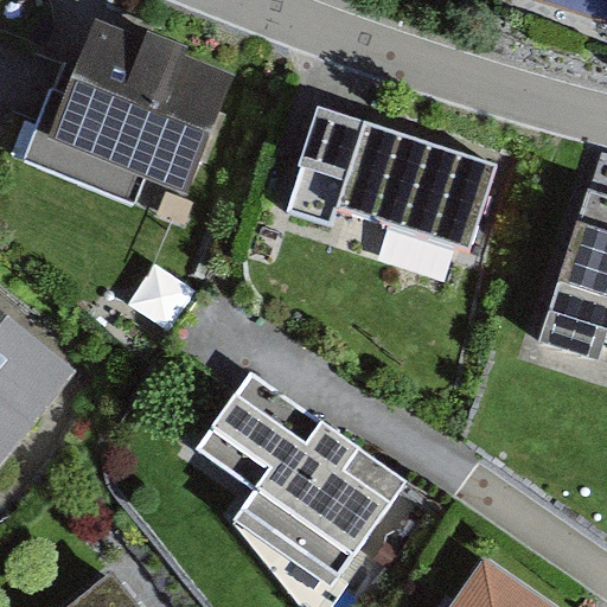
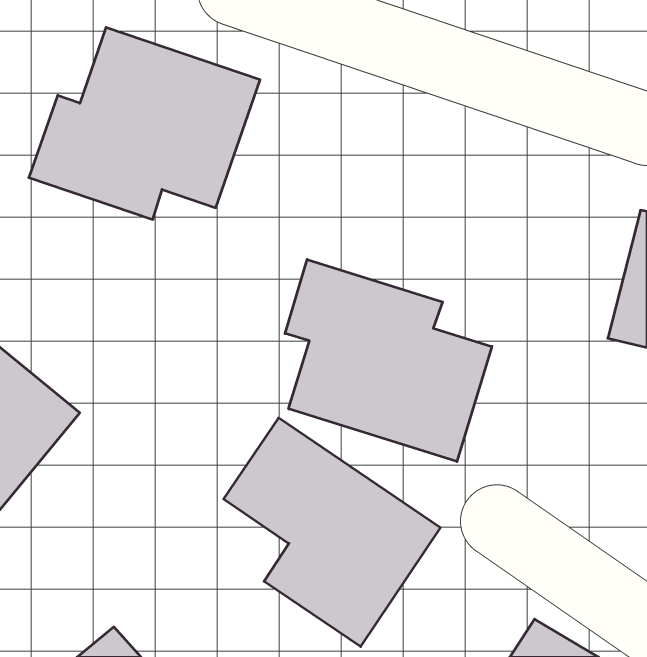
building: [301,115,498,251] -> none
building: none -> [285,259,492,462]

